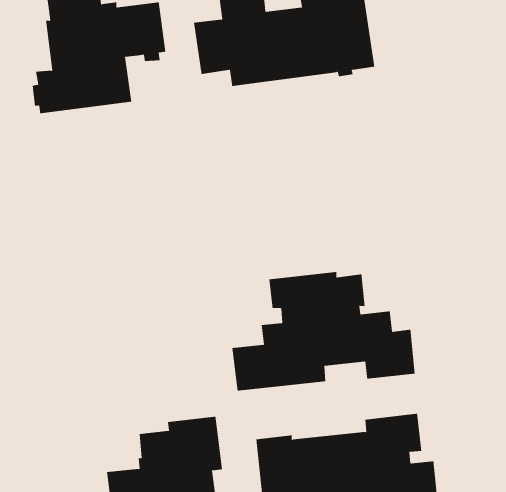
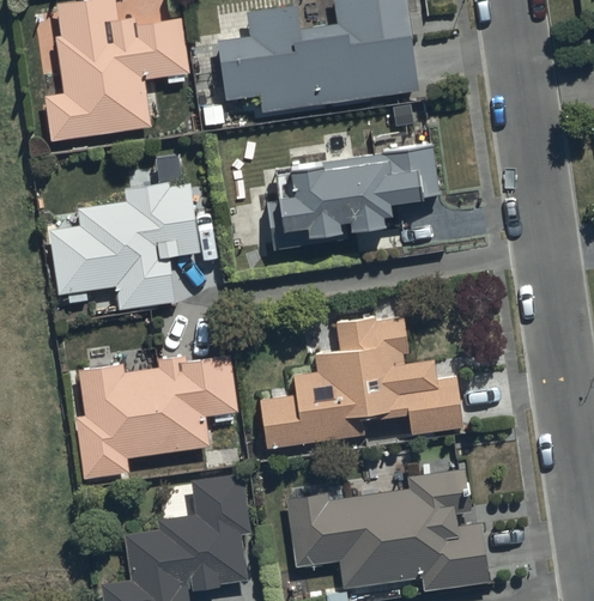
building: none -> [268,145,440,250]
building: none -> [49,182,200,311]
building: none -> [75,354,237,479]

